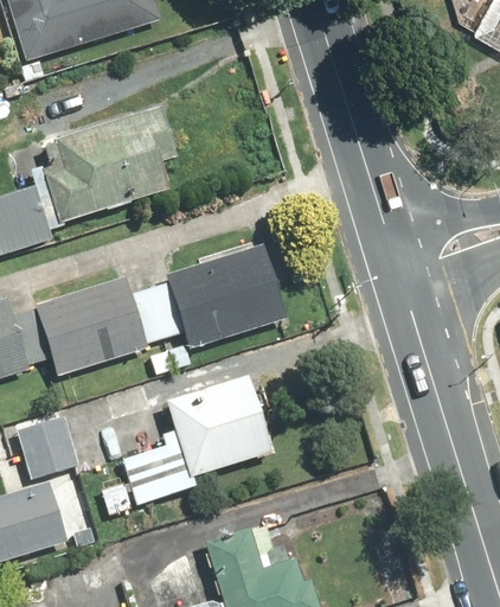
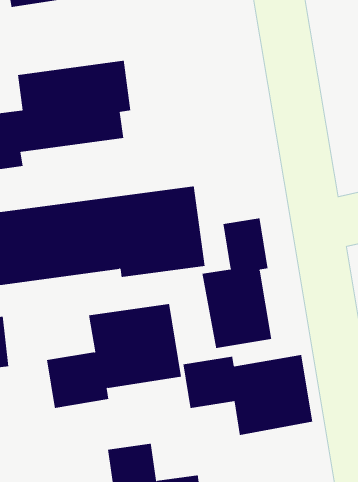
building: none -> [202,217,272,349]
building: none -> [183,354,313,436]

